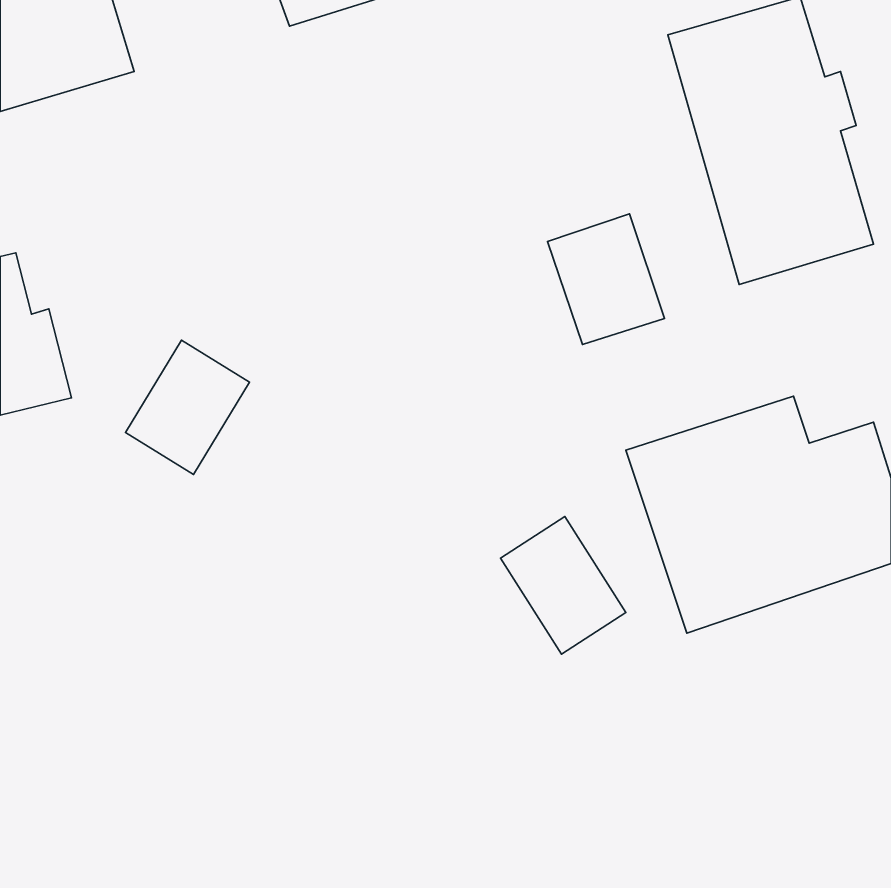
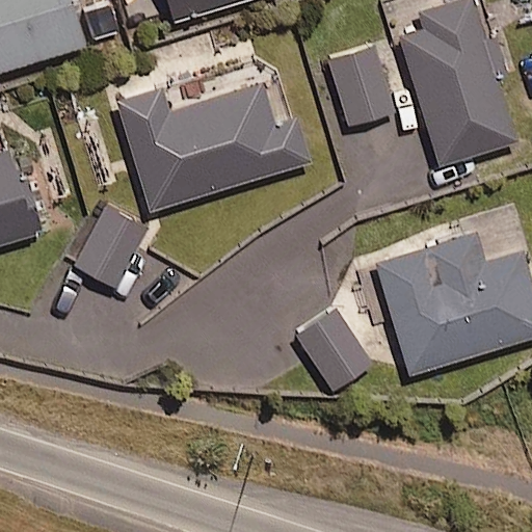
building: none -> [110,82,305,210]
building: [548,214,664,345] -> [328,47,398,125]

